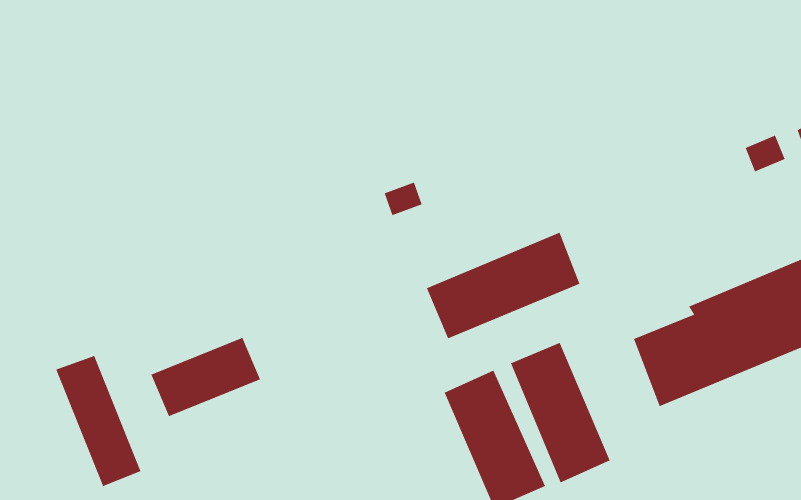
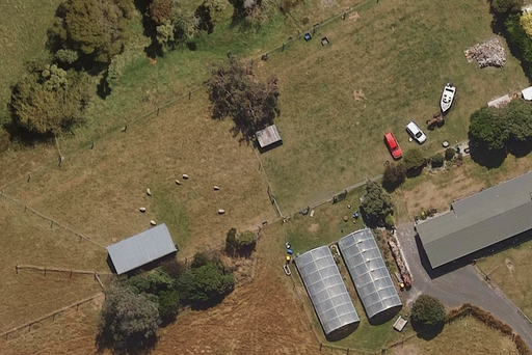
building: [426,232,580,339] -> none
building: [55,355,141,487] -> none

